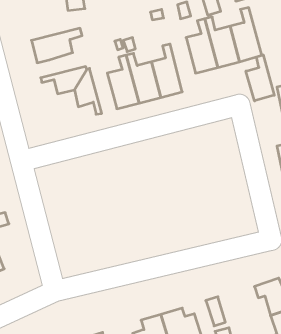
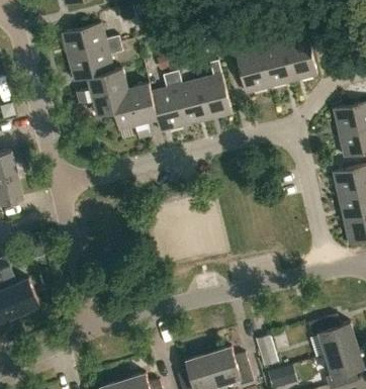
building: none -> [63,24,121,58]
building: none -> [77,69,127,98]
building: [246,55,274,101] -> none
building: none -> [131,84,158,136]

